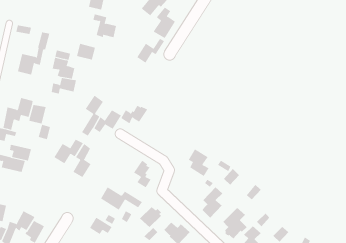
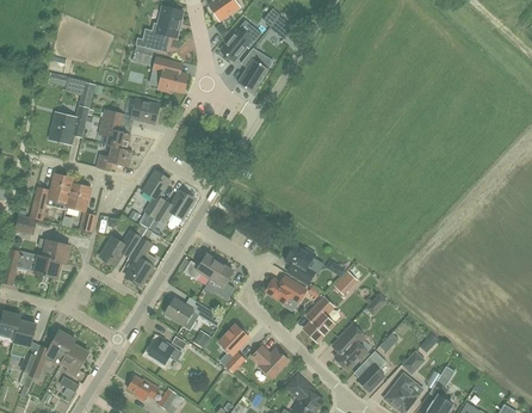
building: [137,38,165,64] -> none
building: [120,105,148,124] -> [183,253,221,279]
building: none -> [264,275,305,302]

